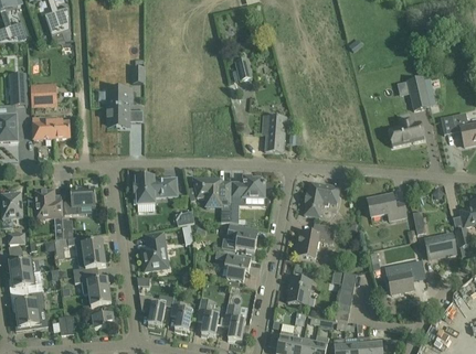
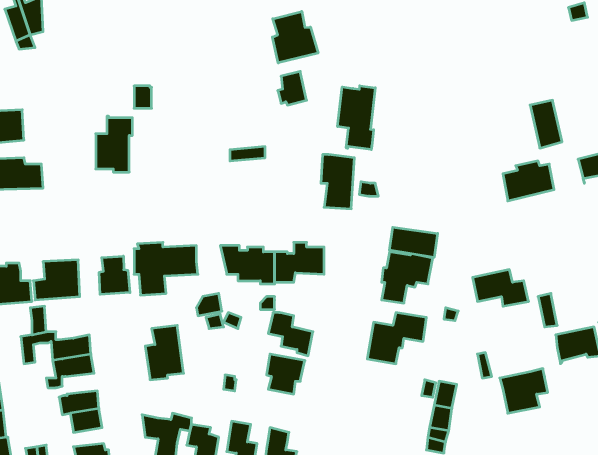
building: none -> [272,11,318,63]
building: none -> [338,86,375,150]
building: none -> [389,227,438,257]
building: none -> [99,256,130,294]
building: [287,276,310,304] -> none

